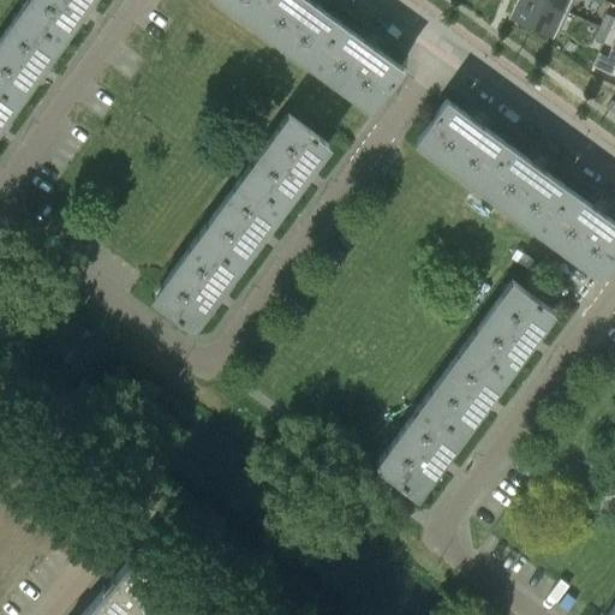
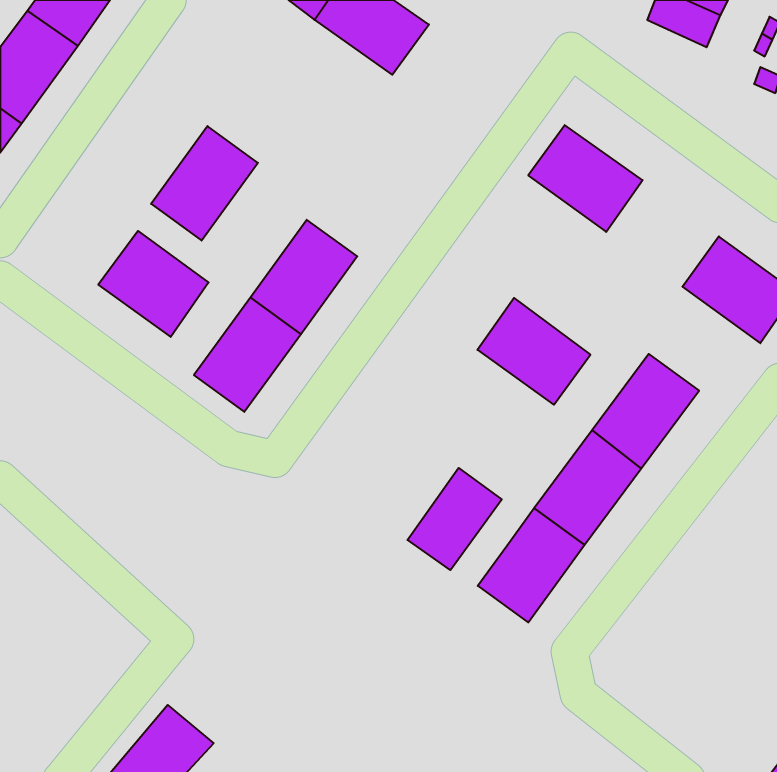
building: [311,25,401,109] -> none
building: [244,118,328,208] -> [151,126,258,241]
building: [479,148,568,232] -> [477,298,590,405]
building: none -> [98,231,209,337]
building: none -> [407,468,502,570]

